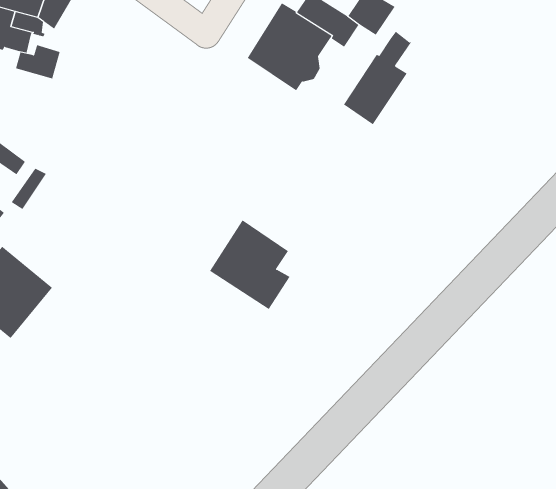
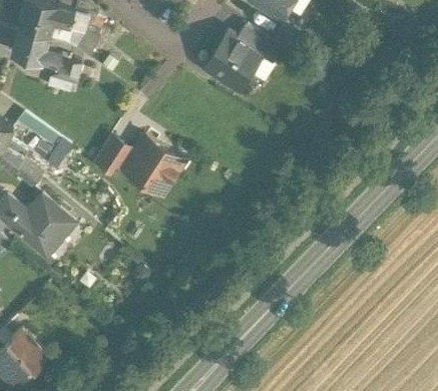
building: [343,31,412,125] -> none
building: none -> [93,135,127,172]
building: [209,220,290,310] -> [122,133,176,193]

